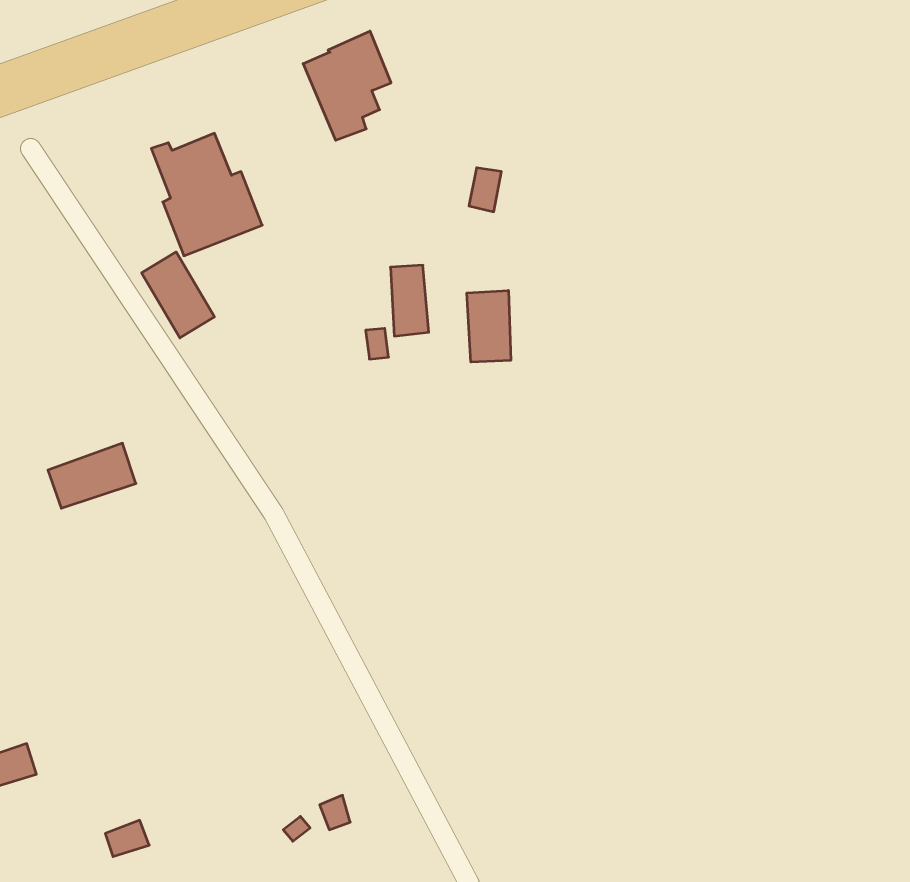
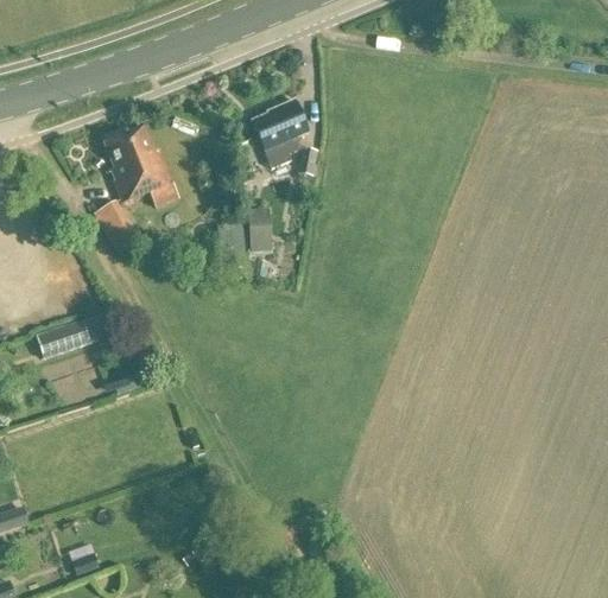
building: [303,31,391,140] -> [253,98,308,166]
building: [467,290,511,362] -> none

